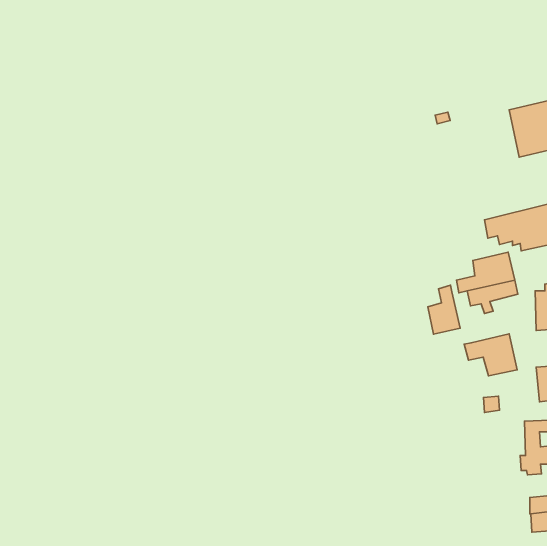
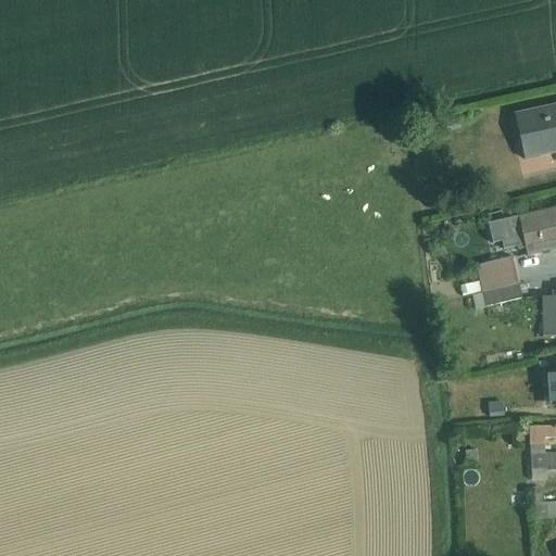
building: [428,285,460,334] -> none
building: [464,334,517,376] -> none

